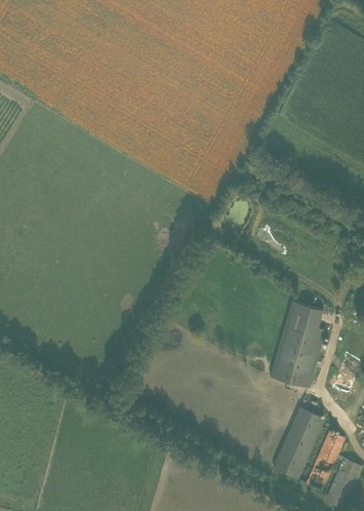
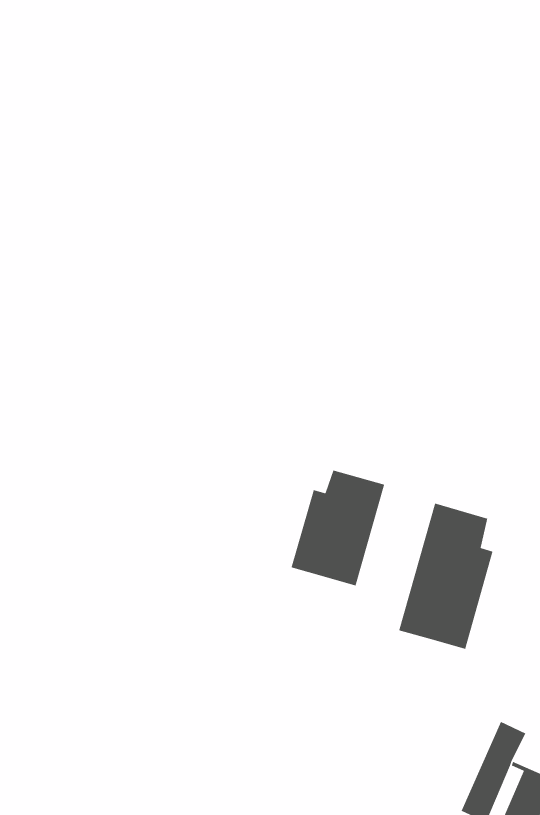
building: none -> [290,469,385,587]
building: [273,407,324,478] -> none

